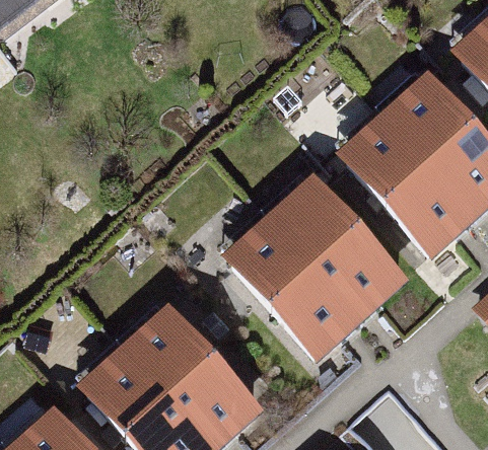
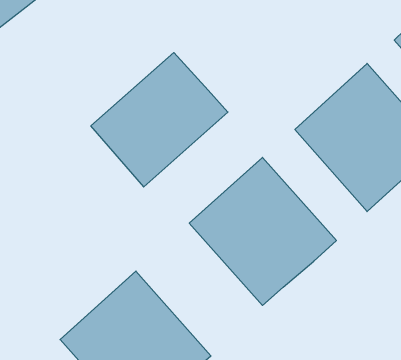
building: none -> [91,53,228,187]

